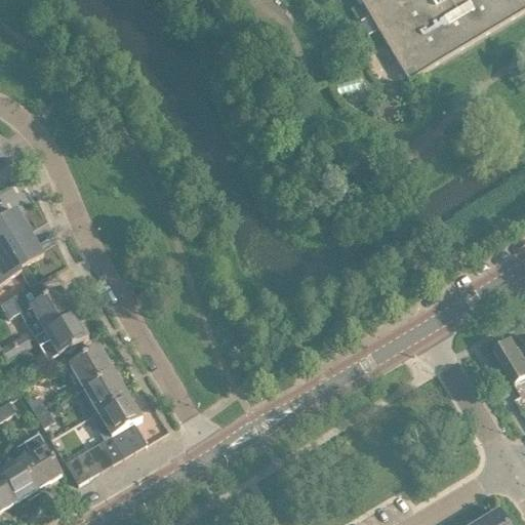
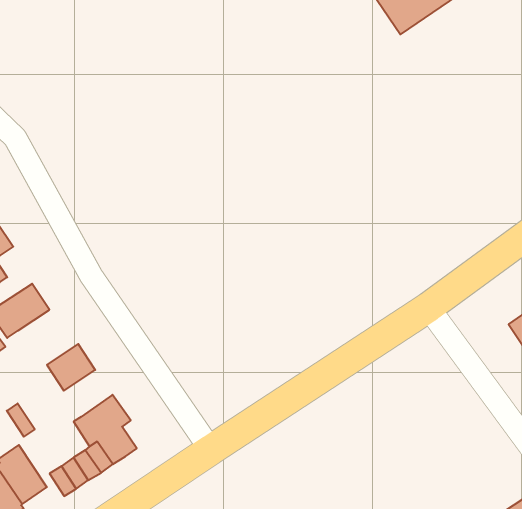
building: [33,311,87,359] -> none
building: [82,368,126,410] -> none

